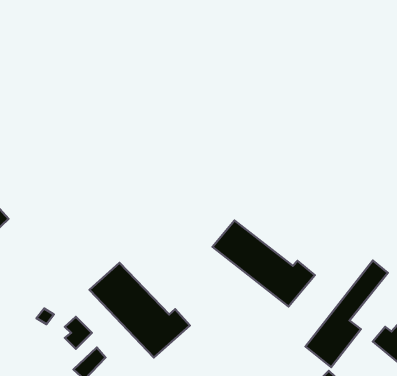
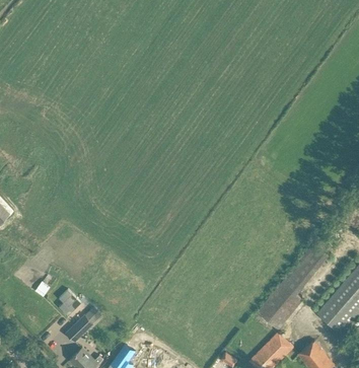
building: [212,221,315,306] -> none
building: [89,263,190,358] -> none

